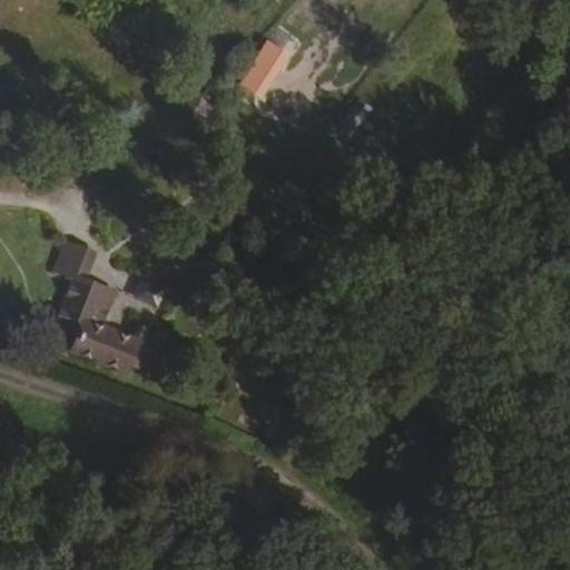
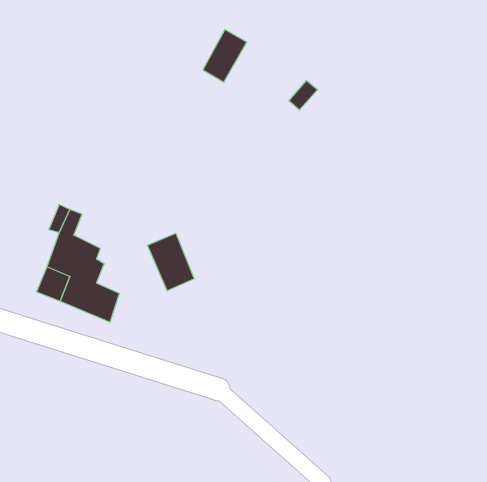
building: none -> [148,233,194,291]

